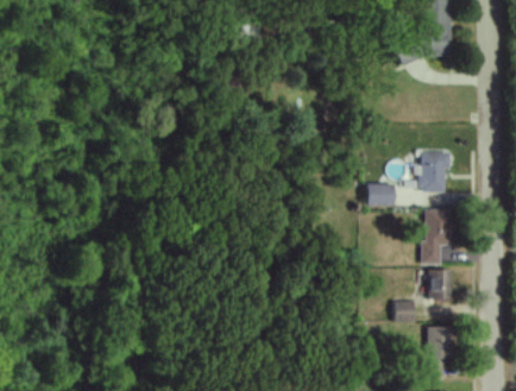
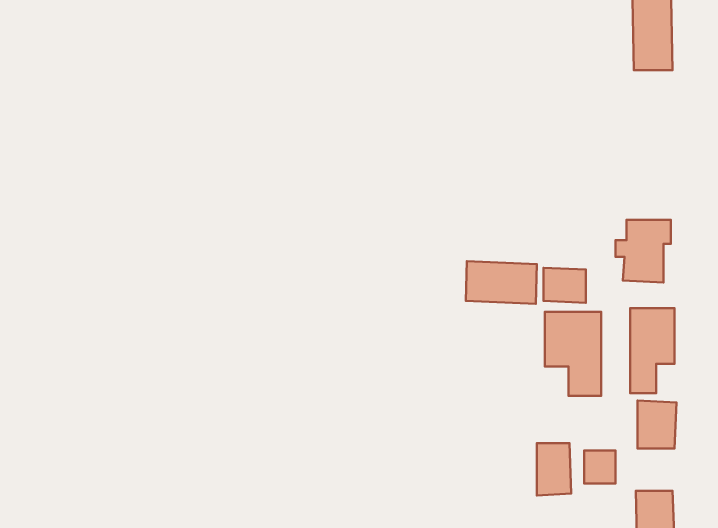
building: none -> [466,261,537,304]
building: none -> [545,312,601,396]
building: none -> [537,443,571,495]

